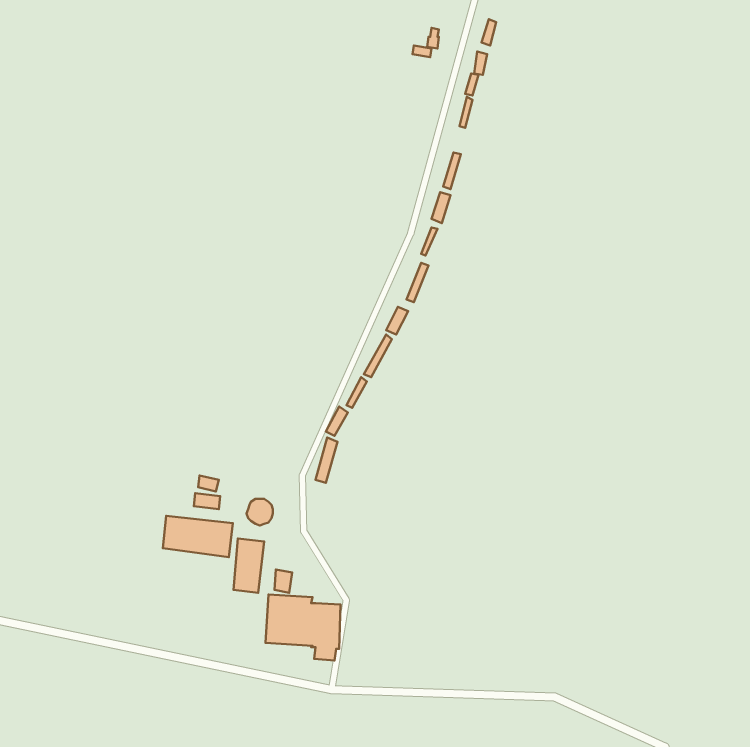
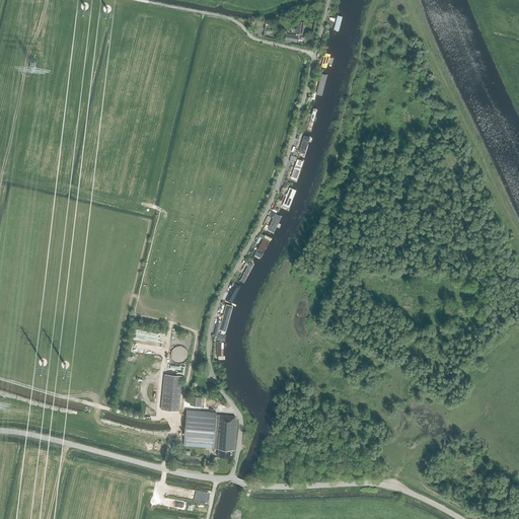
building: [163,516,233,557] -> none

